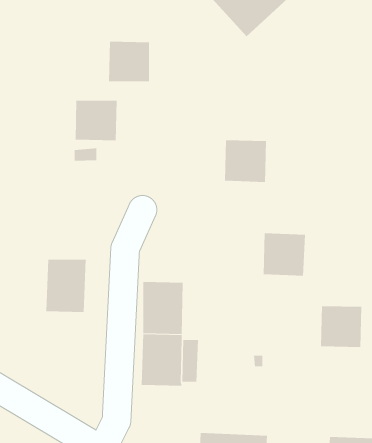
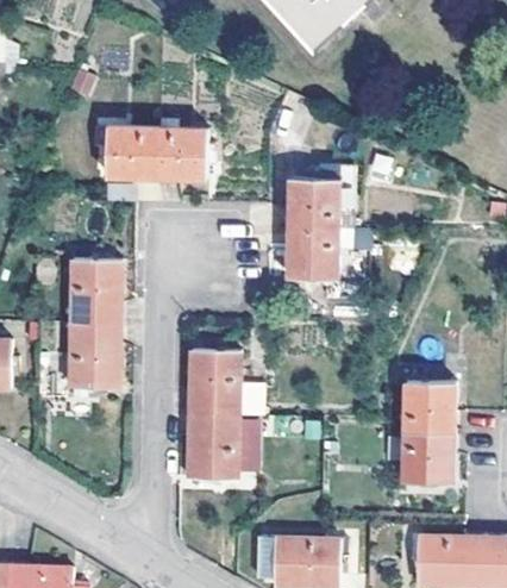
building: [108,41,150,82] -> [156,126,207,176]
building: none -> [71,257,120,321]
building: [263,233,306,276] -> [287,225,339,279]
building: none -> [403,429,456,480]

